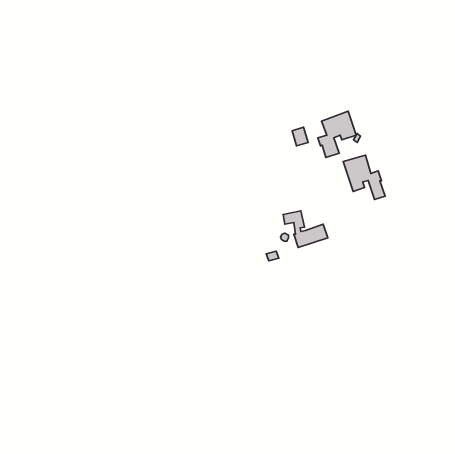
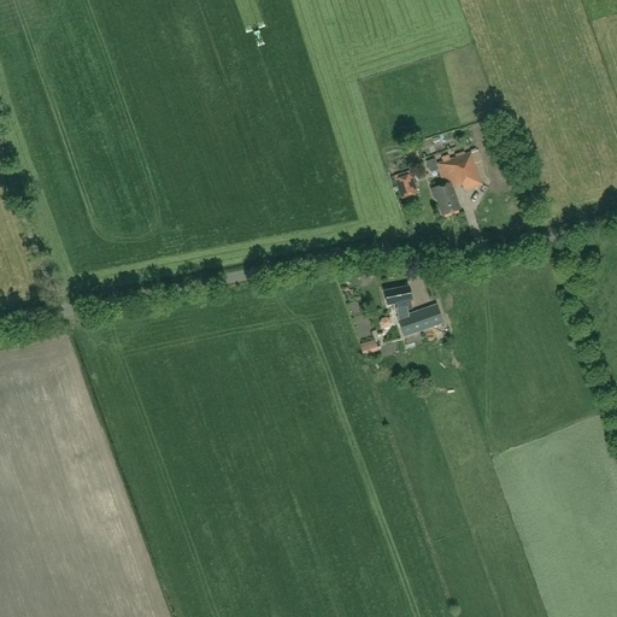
building: [343,155,385,200] -> none

